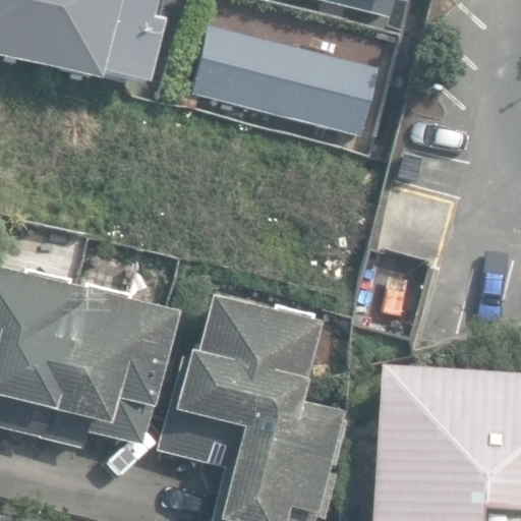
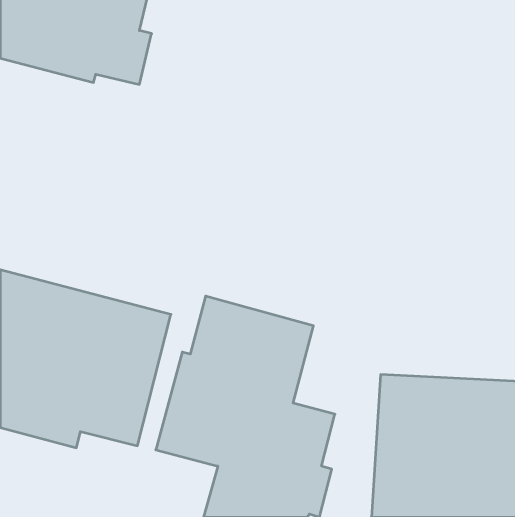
building: [193,21,381,132] -> none

